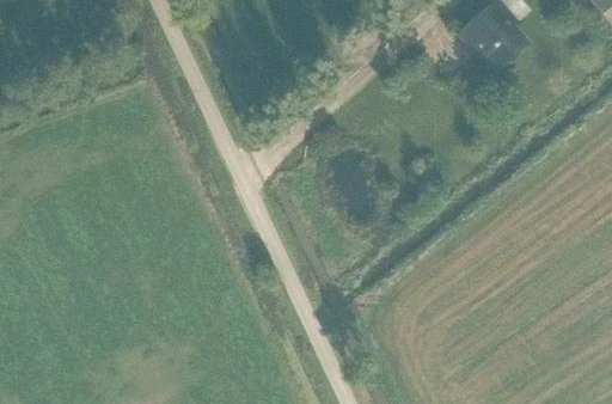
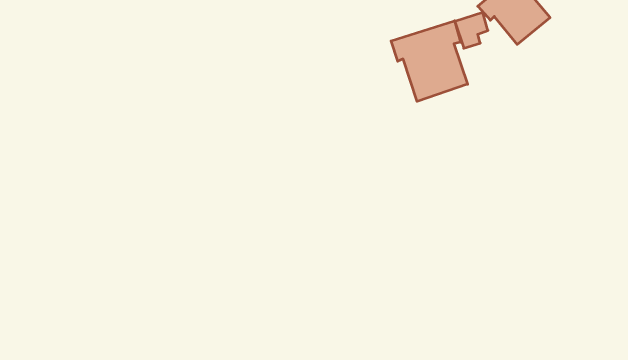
building: none -> [391,21,468,101]

